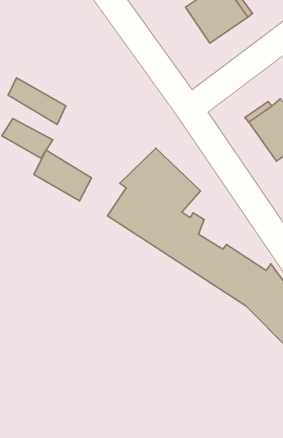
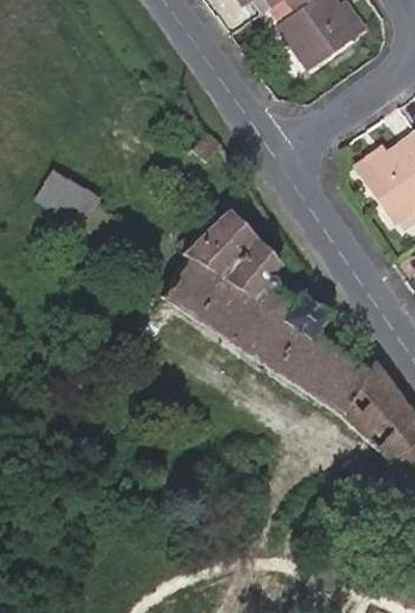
building: [8,78,66,124] -> none
building: [34,150,91,201] -> none

